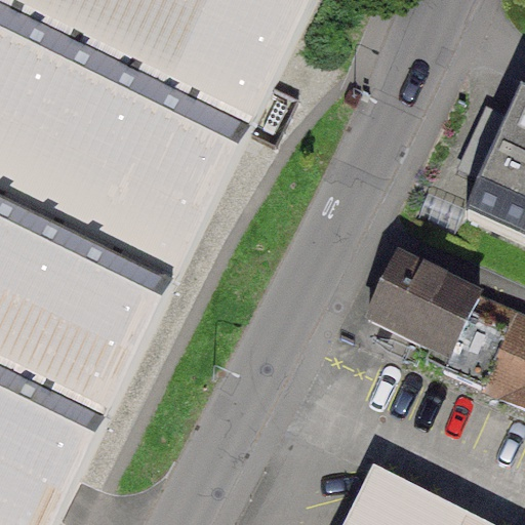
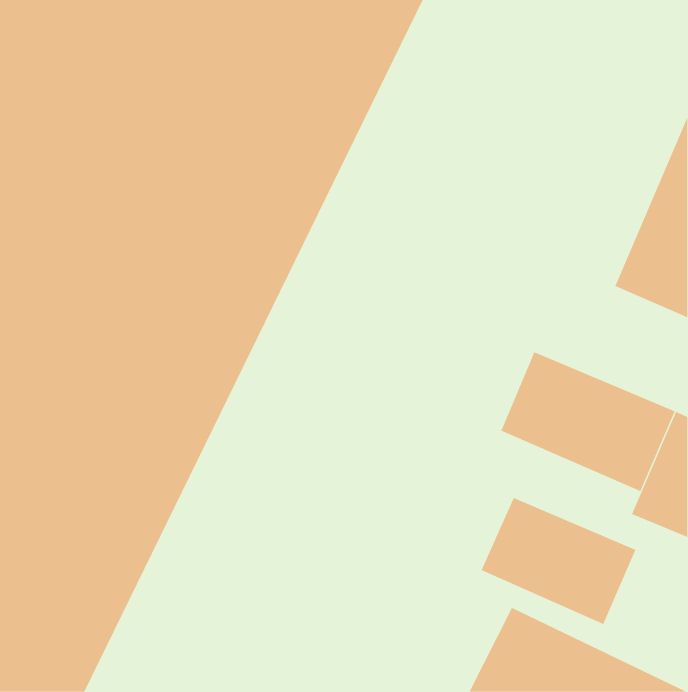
building: none -> [481,497,636,625]

